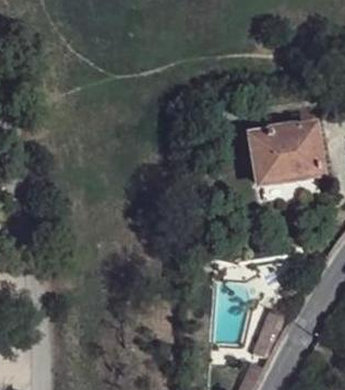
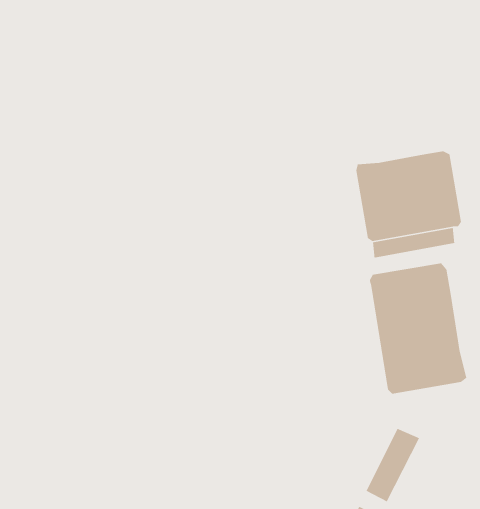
building: none -> [369,262,467,394]

